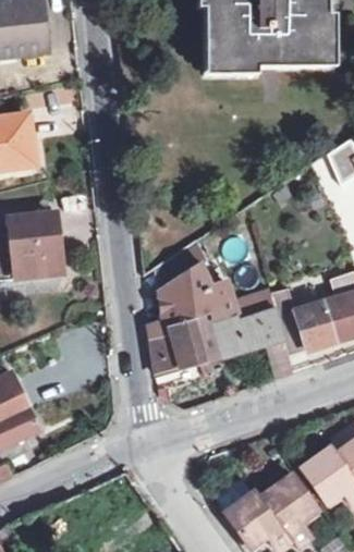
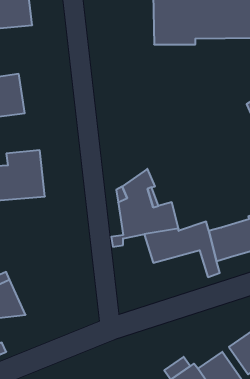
building: [151,321,204,372] -> none

